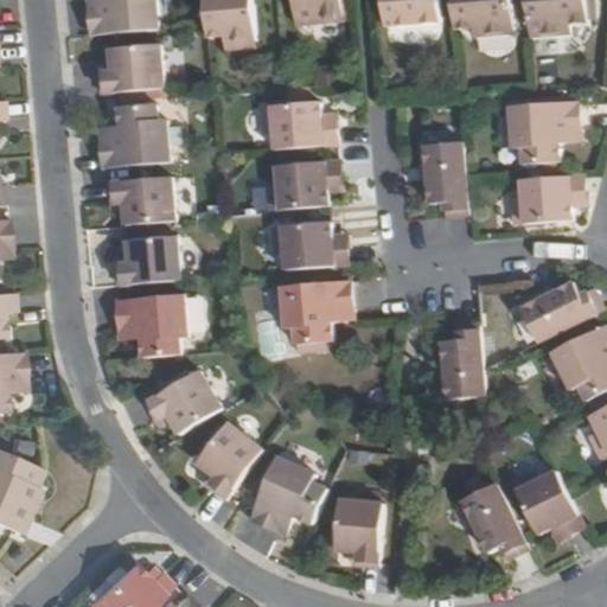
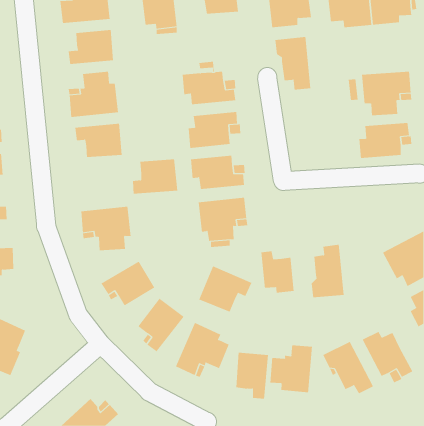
building: [415,140,467,216] -> [274,36,311,90]
building: [114,234,179,283] -> [132,159,178,194]
building: [507,286,593,346] -> none
building: none -> [261,251,294,293]
building: none -> [198,266,252,313]
building: none -> [270,344,312,393]

